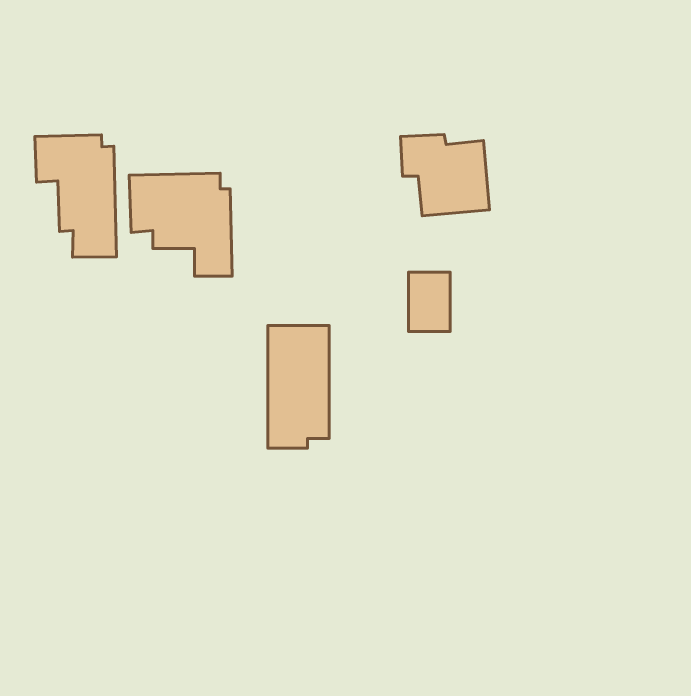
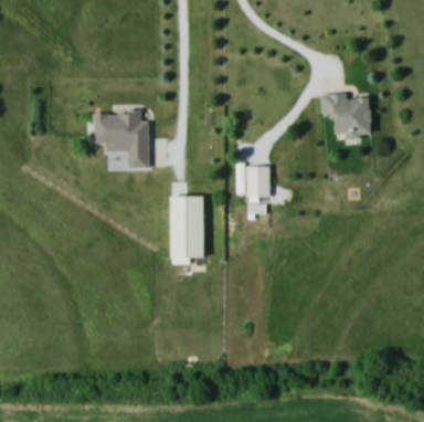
building: [400,134,490,216] -> [321,94,371,139]
building: [35,135,117,257] -> none

